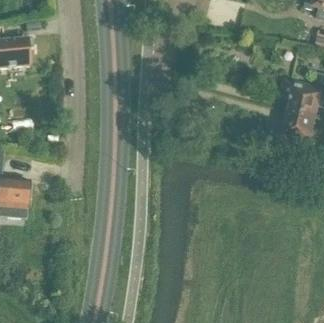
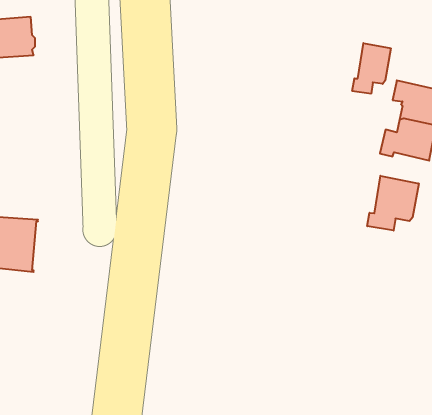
building: none -> [352,43,391,94]
building: none -> [367,176,419,231]

